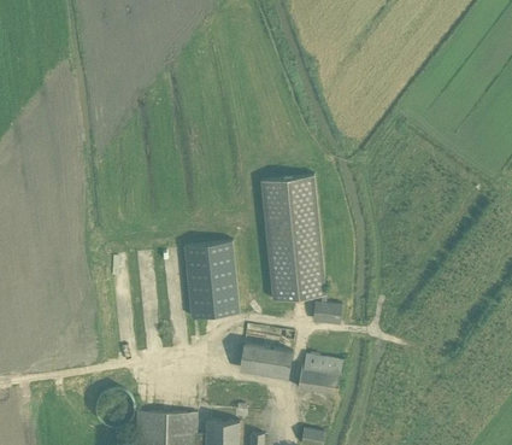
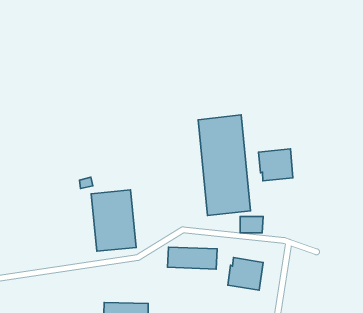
building: none -> [259,149,293,181]
building: [182,240,239,317] -> [91,190,136,251]

